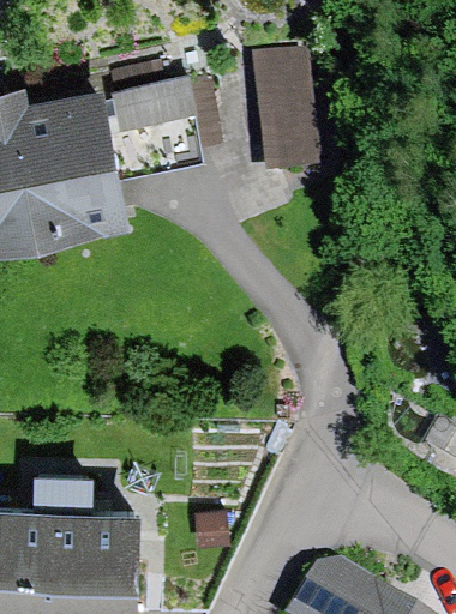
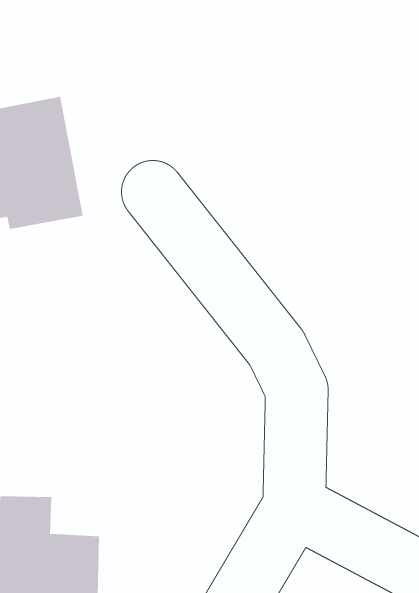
building: [254,56,313,170] -> none
building: [114,78,199,162] -> none

